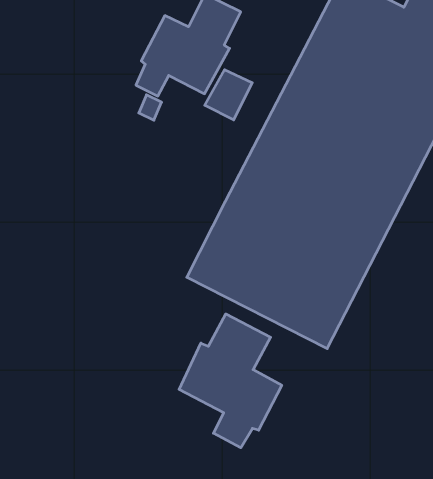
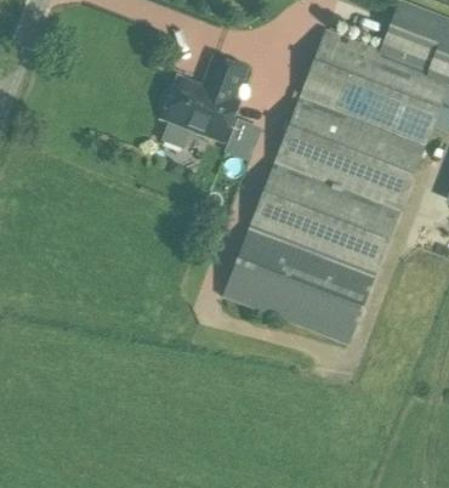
building: [179,314,282,448] -> none

